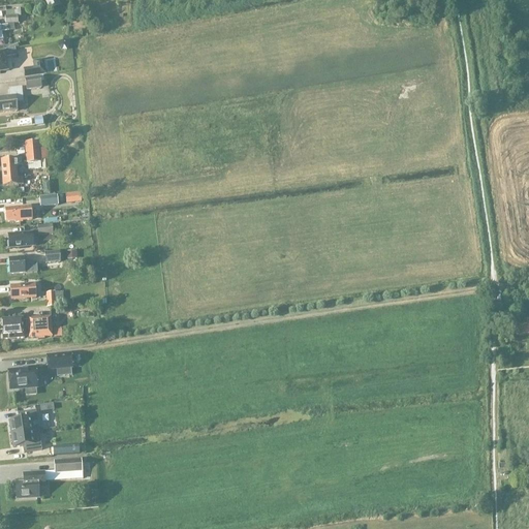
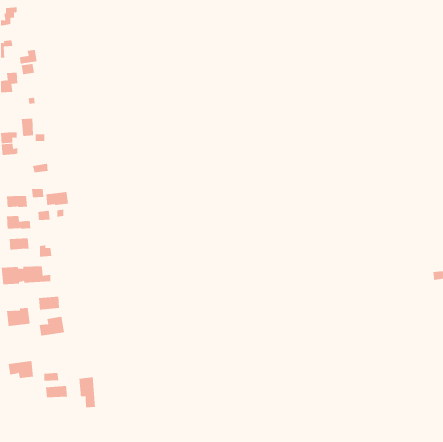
building: [5,205,33,221] -> [45,192,69,205]
building: [8,409,39,433] -> [39,316,65,336]
building: none -> [79,376,96,408]
building: [14,471,45,498] -> none

